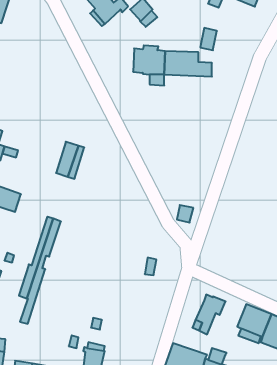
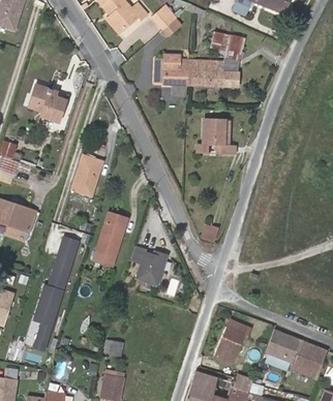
building: none -> [29,85,65,122]
building: none -> [196,120,236,153]
building: none -> [94,213,127,267]
building: none -> [131,245,168,284]

